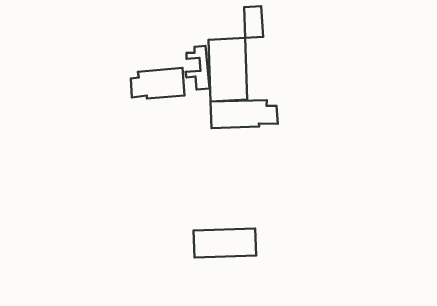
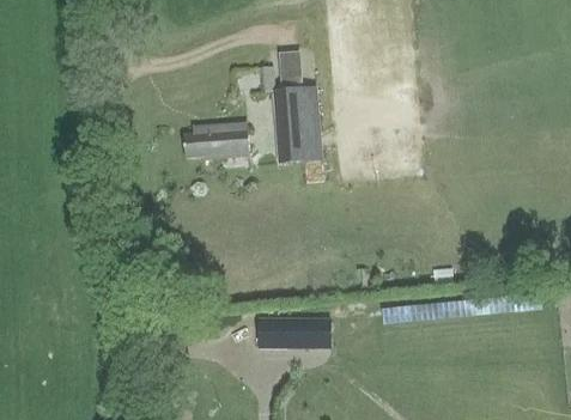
building: [244,6,263,38] -> [280,48,303,86]
building: [210,100,278,128] -> none

